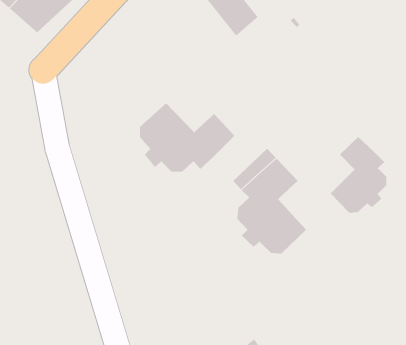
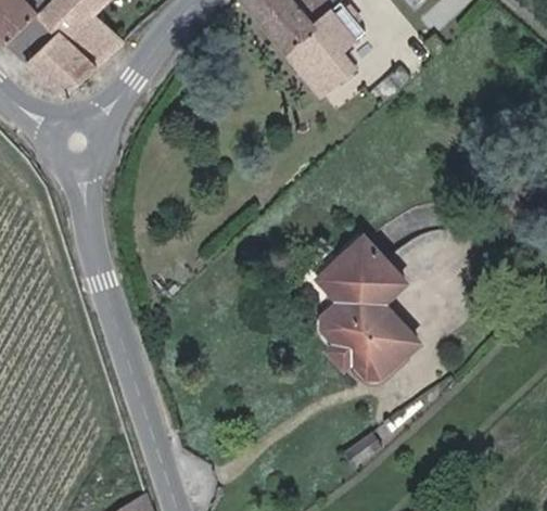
building: [140,102,235,173] -> none
building: [330,136,387,214] -> none

